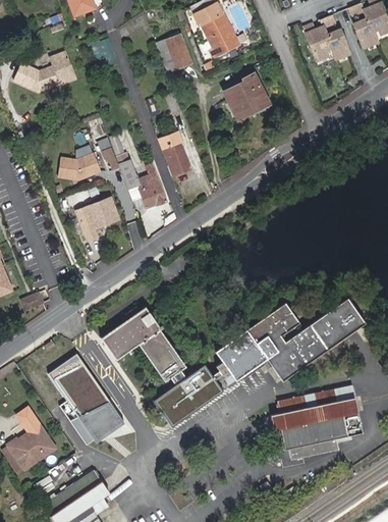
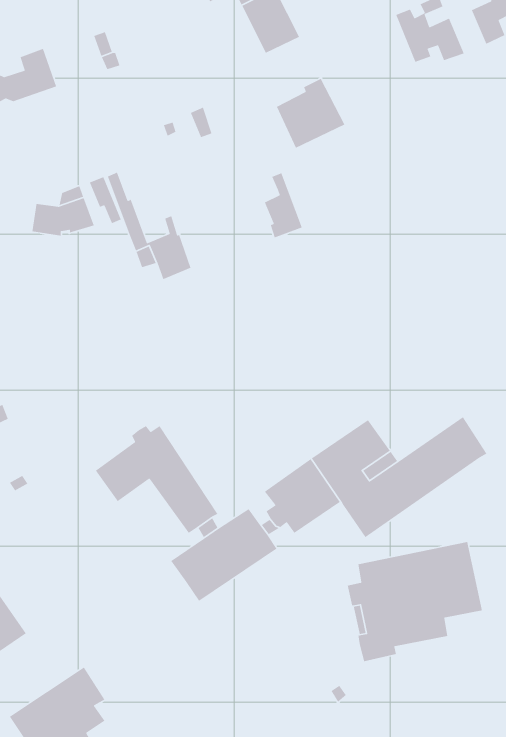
building: [156,33,191,71] -> none
building: [164,130,190,175] -> [264,172,303,238]
building: [76,197,118,230] -> none
building: [48,354,124,446] -> none

